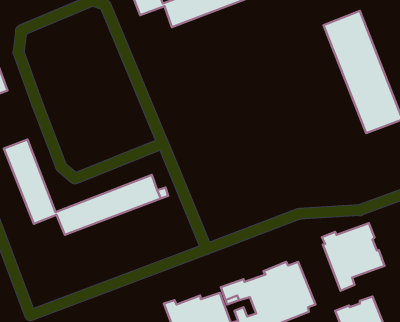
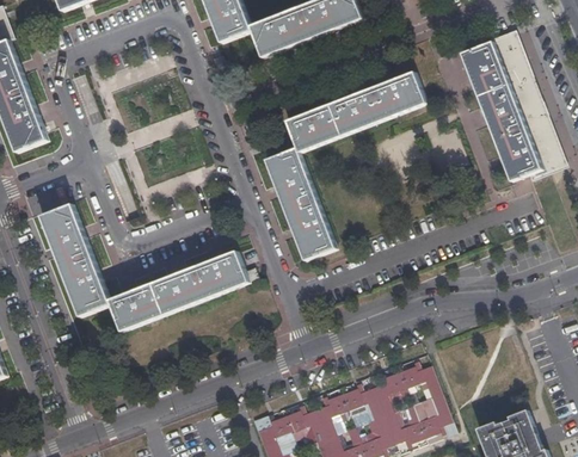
building: none -> [266,72,425,259]
building: [322,223,385,291] -> none

